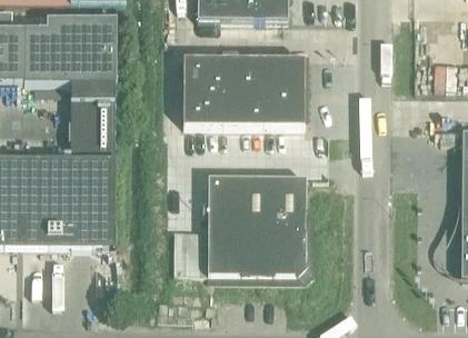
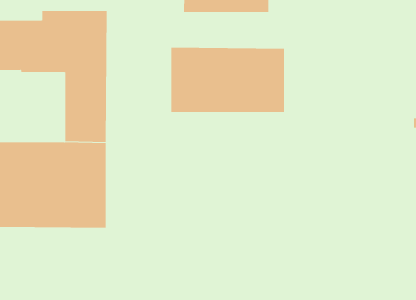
building: [172,175,305,274] -> none

